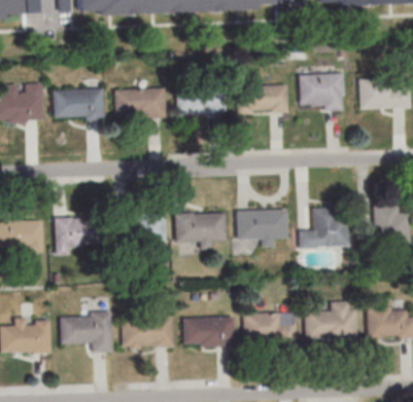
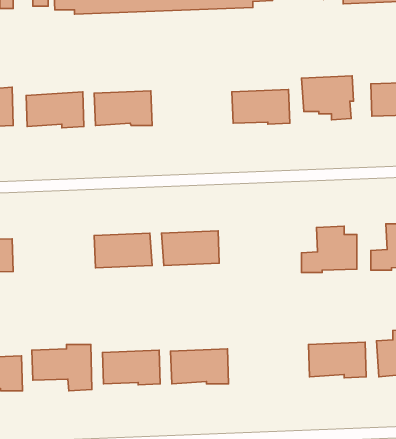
building: [176,87,226,115] -> none
building: [236,208,287,239] -> none
building: [55,216,106,246] -> none
building: [243,312,296,342] -> none

